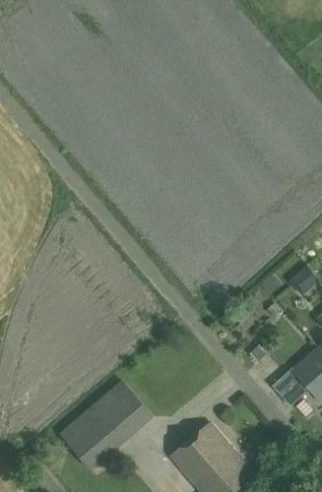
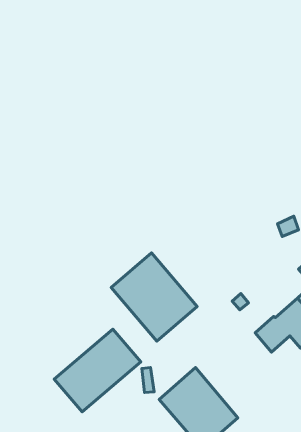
building: none -> [111,253,197,341]

